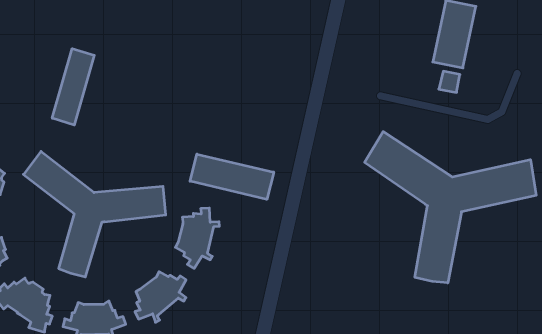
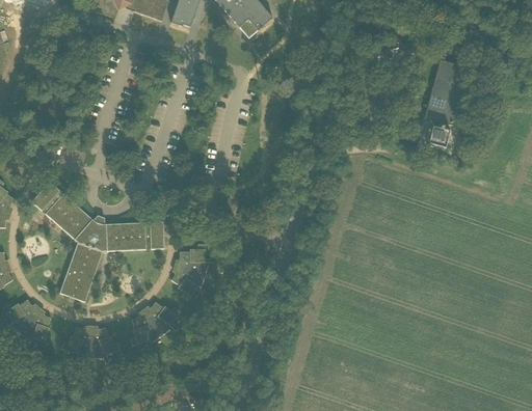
building: [52,49,94,125] -> none
building: [365,132,536,283] -> none
building: [190,154,274,199] -> none

